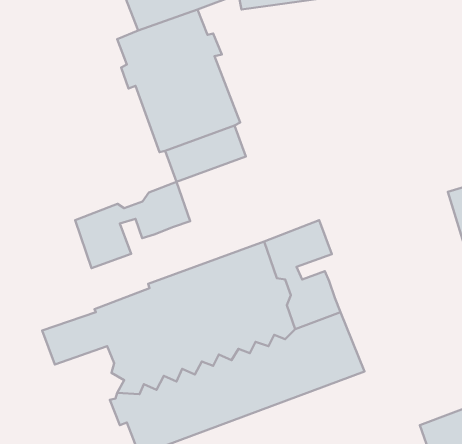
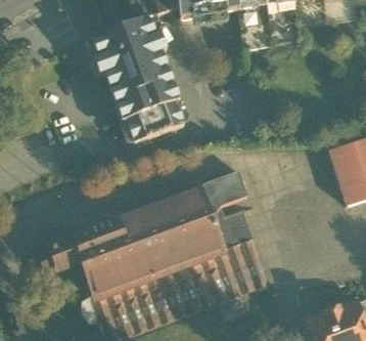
building: [75,182,190,268] -> none

